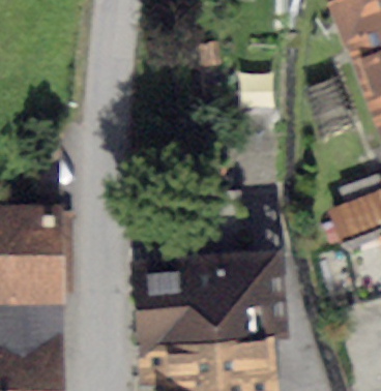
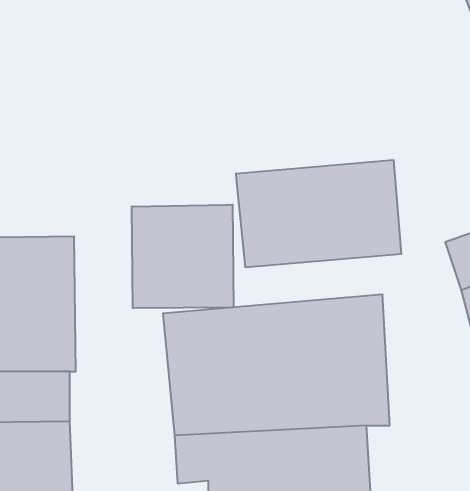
building: none -> [236,160,401,267]
building: none -> [132,205,234,308]

